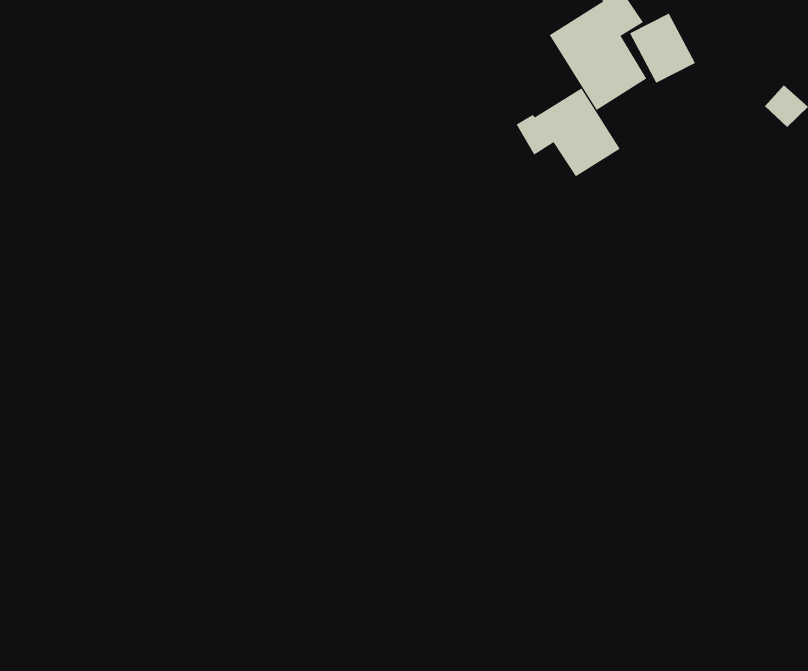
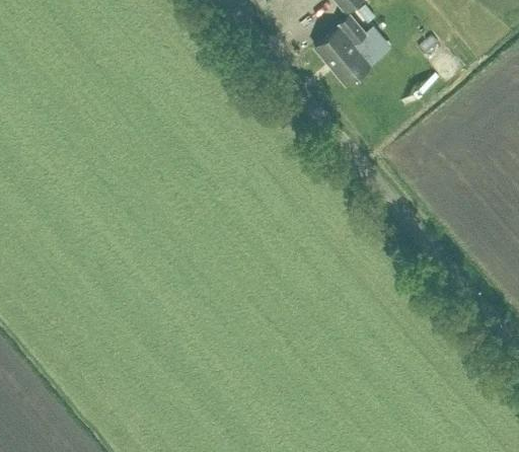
building: [516,87,620,177] -> none

